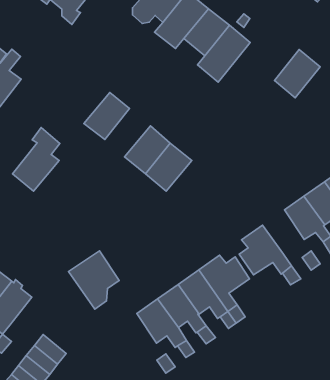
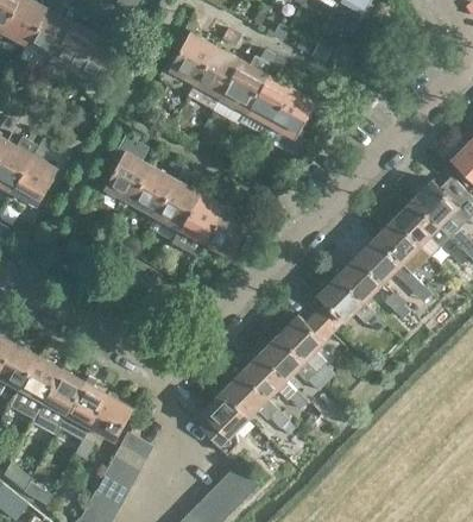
building: [274,49,320,98] -> [269,87,314,138]
building: none -> [154,178,200,229]
building: [13,128,60,191] -> [105,134,151,202]
building: none -> [335,256,381,302]
building: [69,251,119,309] -> [191,391,246,453]
building: none -> [89,394,131,440]

